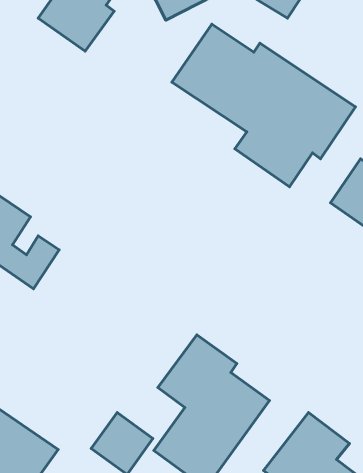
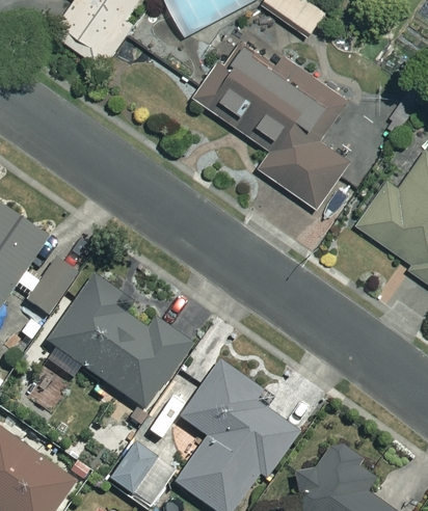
building: none -> [47,276,209,408]

